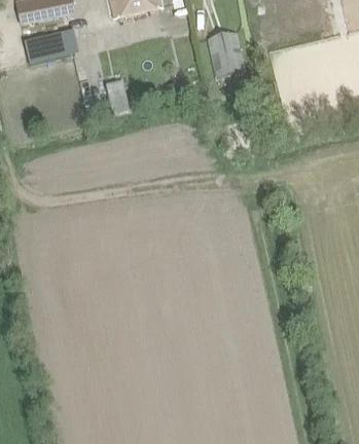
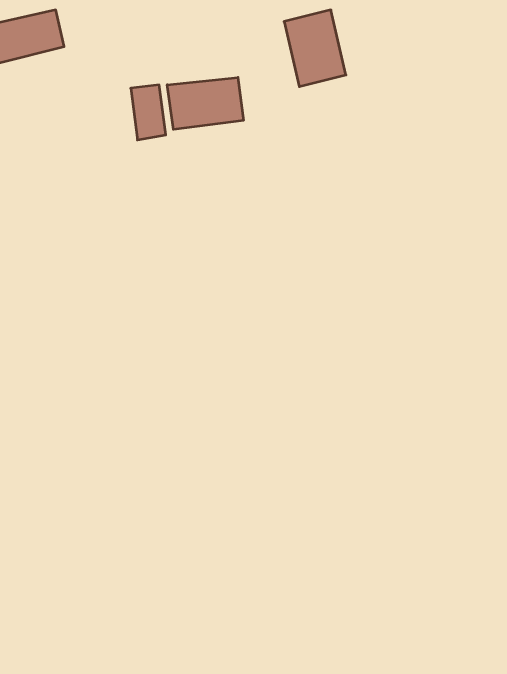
building: none -> [167,77,243,129]

